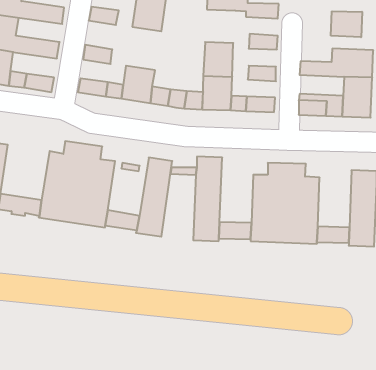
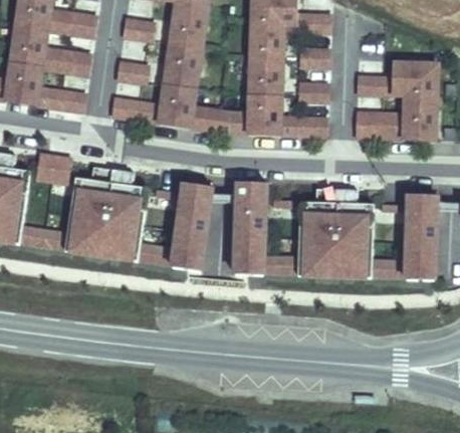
building: none -> [249,20,282,57]
building: [331,11,362,37] -> none
building: none -> [162,39,201,87]
building: none -> [37,154,72,182]

